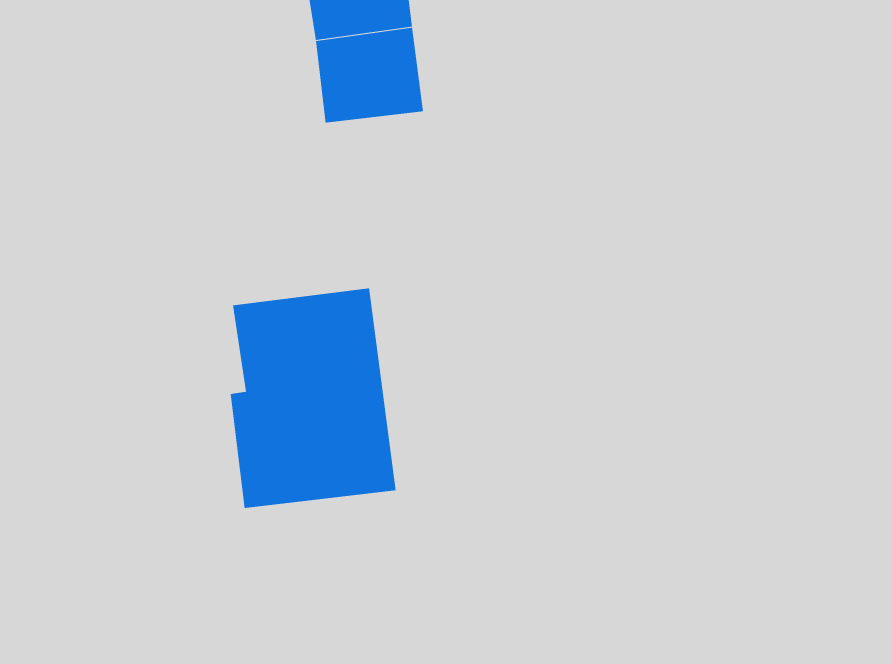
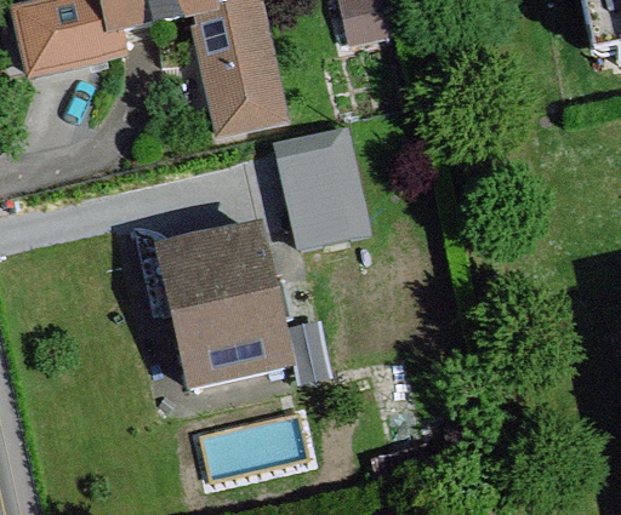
building: none -> [275,119,378,247]

